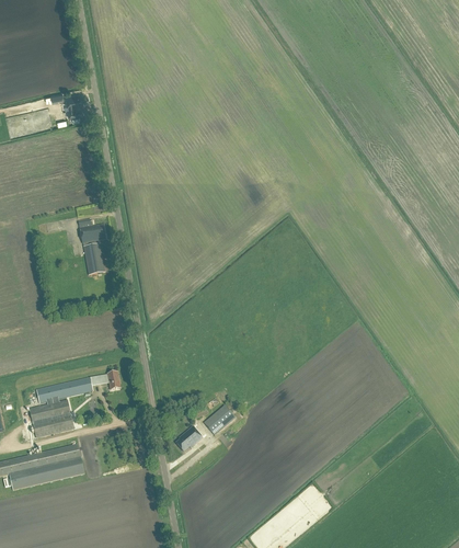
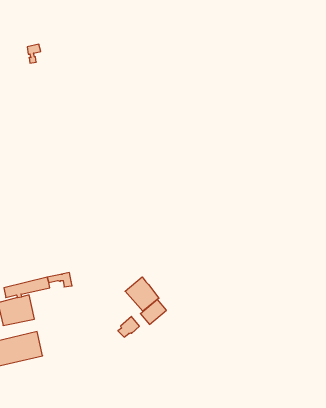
building: [79,219,106,274] -> none
building: none -> [125,277,159,311]

